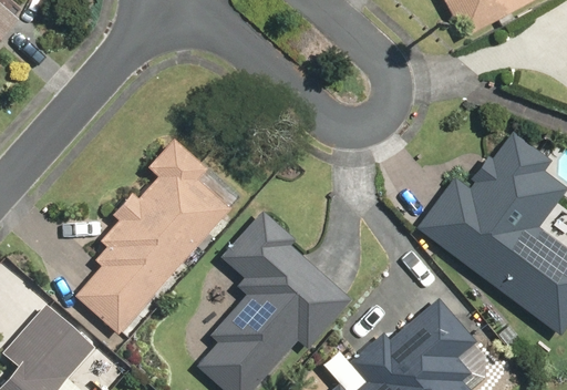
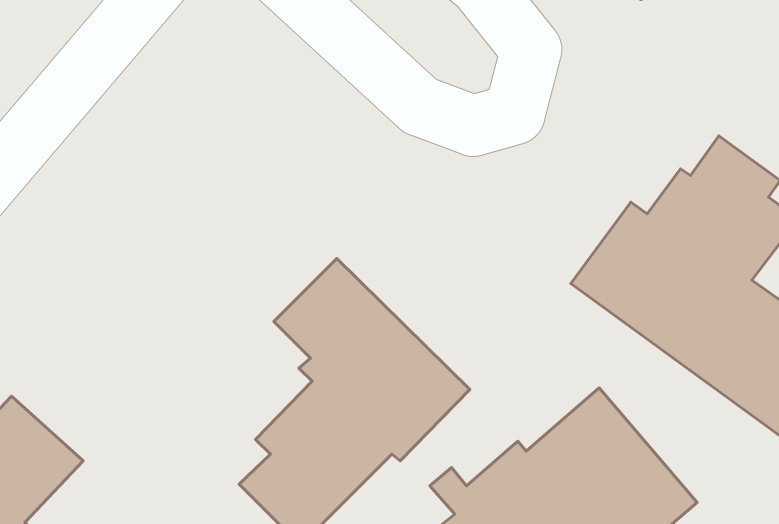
building: [75,134,229,331] -> none

